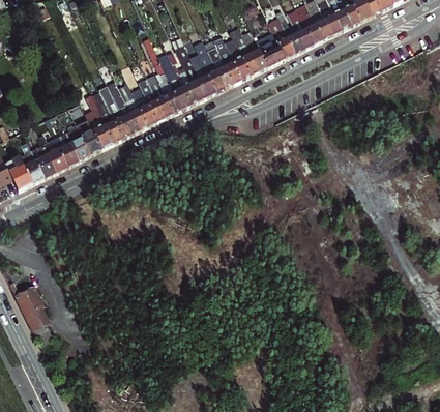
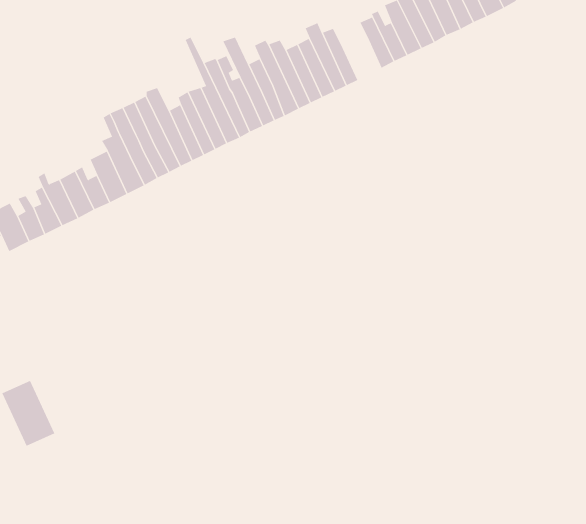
building: [259,37,286,68] -> none

